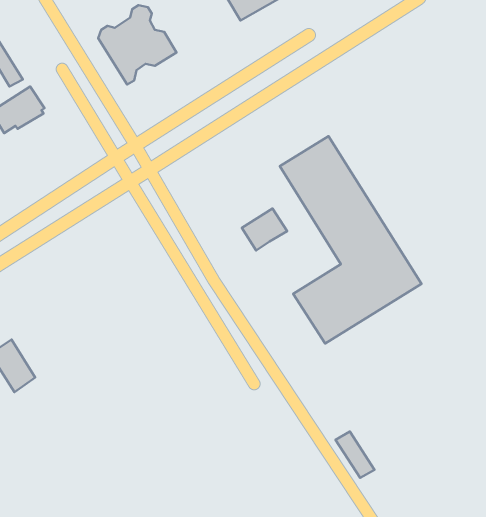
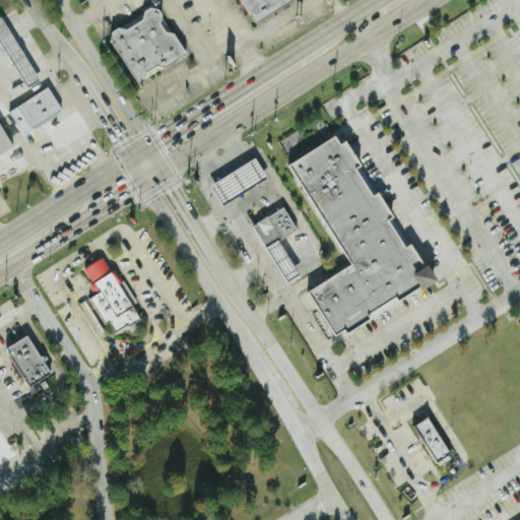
building: none -> [212,156,269,202]
building: none -> [267,238,303,281]
building: none -> [81,255,138,330]
building: [335,432,375,478] -> [412,415,451,461]

